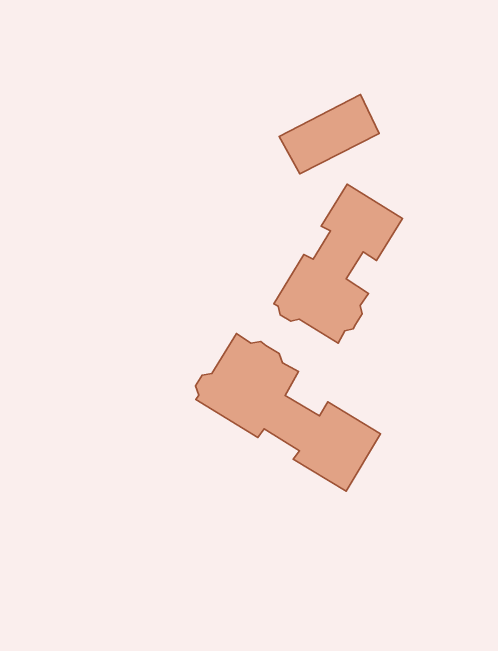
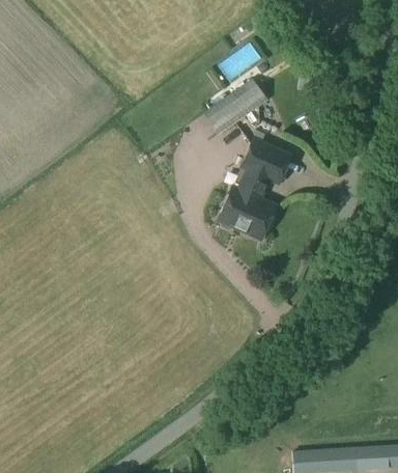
building: [196,334,380,491] -> none

